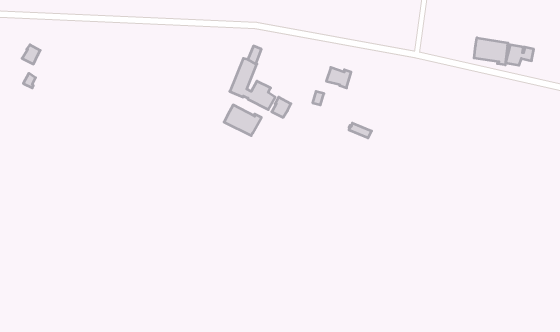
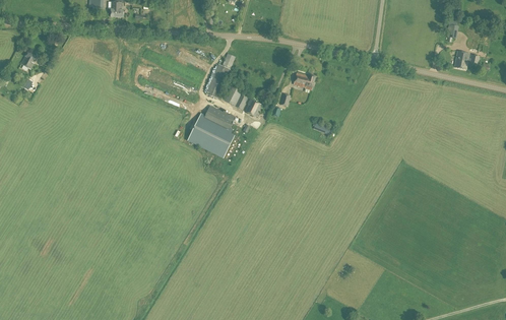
building: [474,38,508,65] -> none
building: none -> [187,113,235,157]

